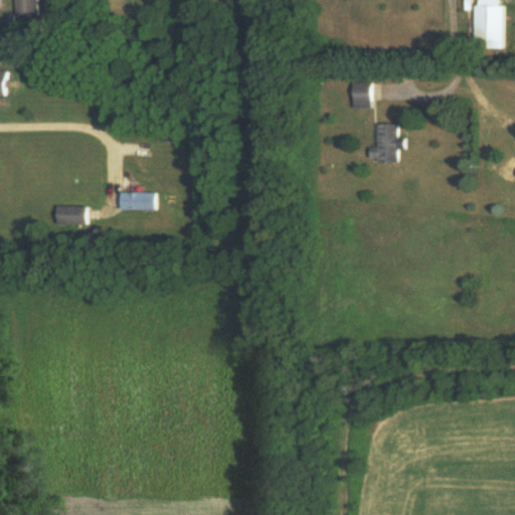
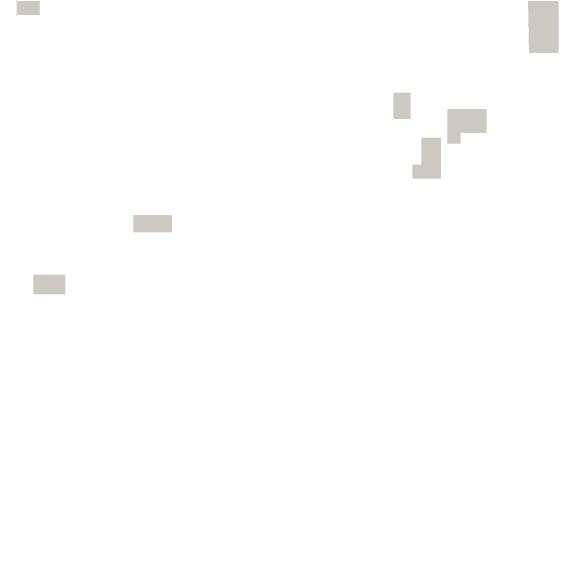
building: none -> [447,108,487,144]
building: [55,205,85,224] -> [33,274,66,295]

